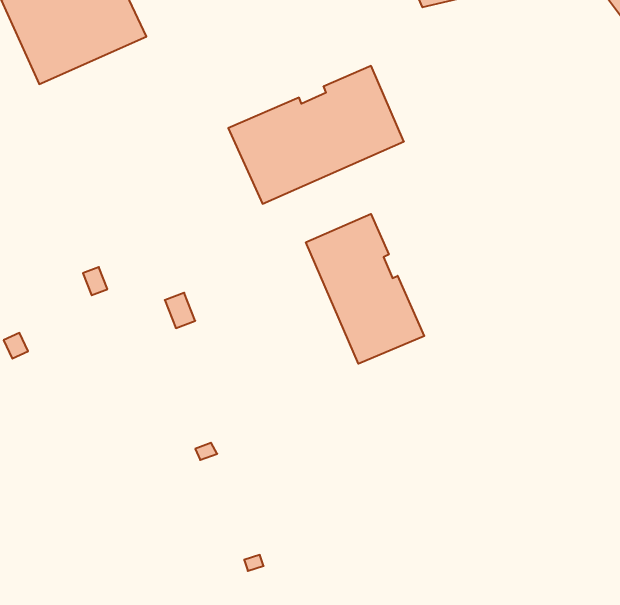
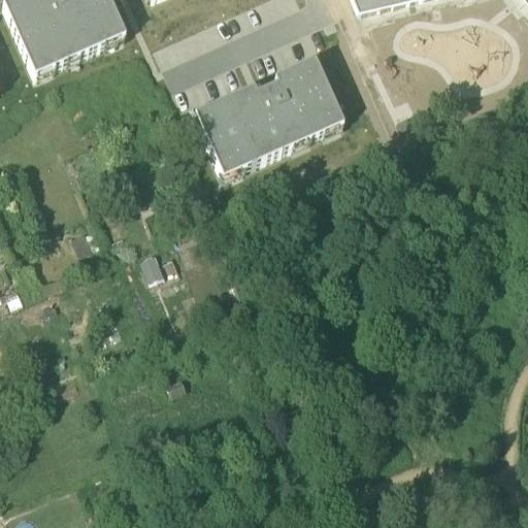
building: [306,214,424,364] -> none

